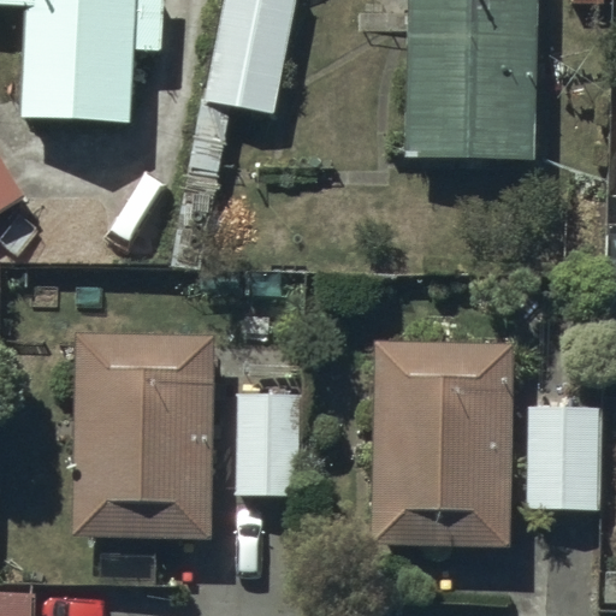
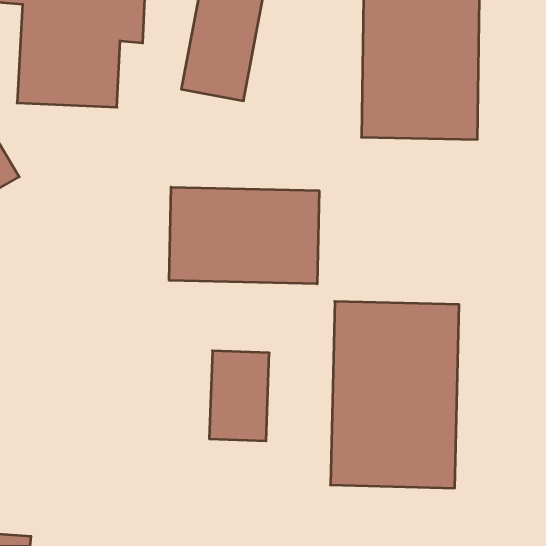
building: none -> [169,187,319,284]
building: [70,333,215,538] -> none
building: [523,404,600,510] -> none

